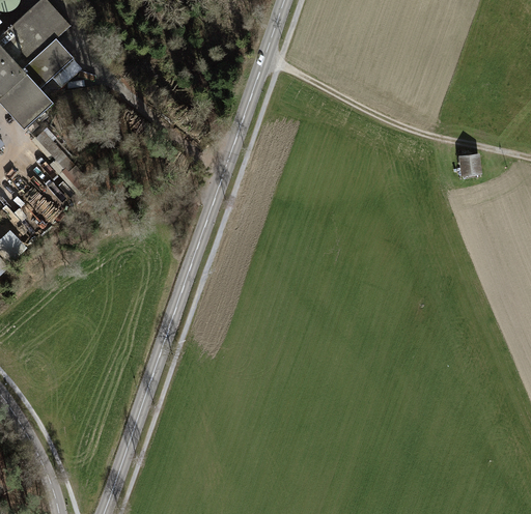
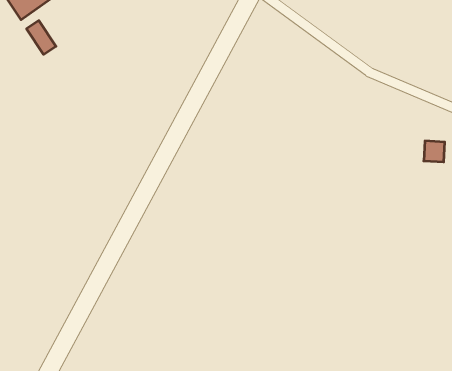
building: [457,154,480,177] -> [424,141,445,162]

